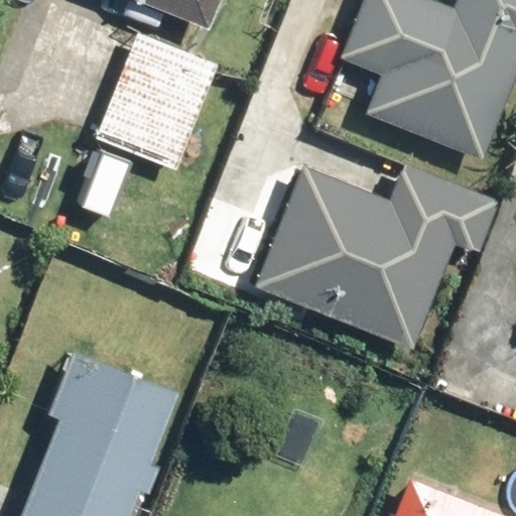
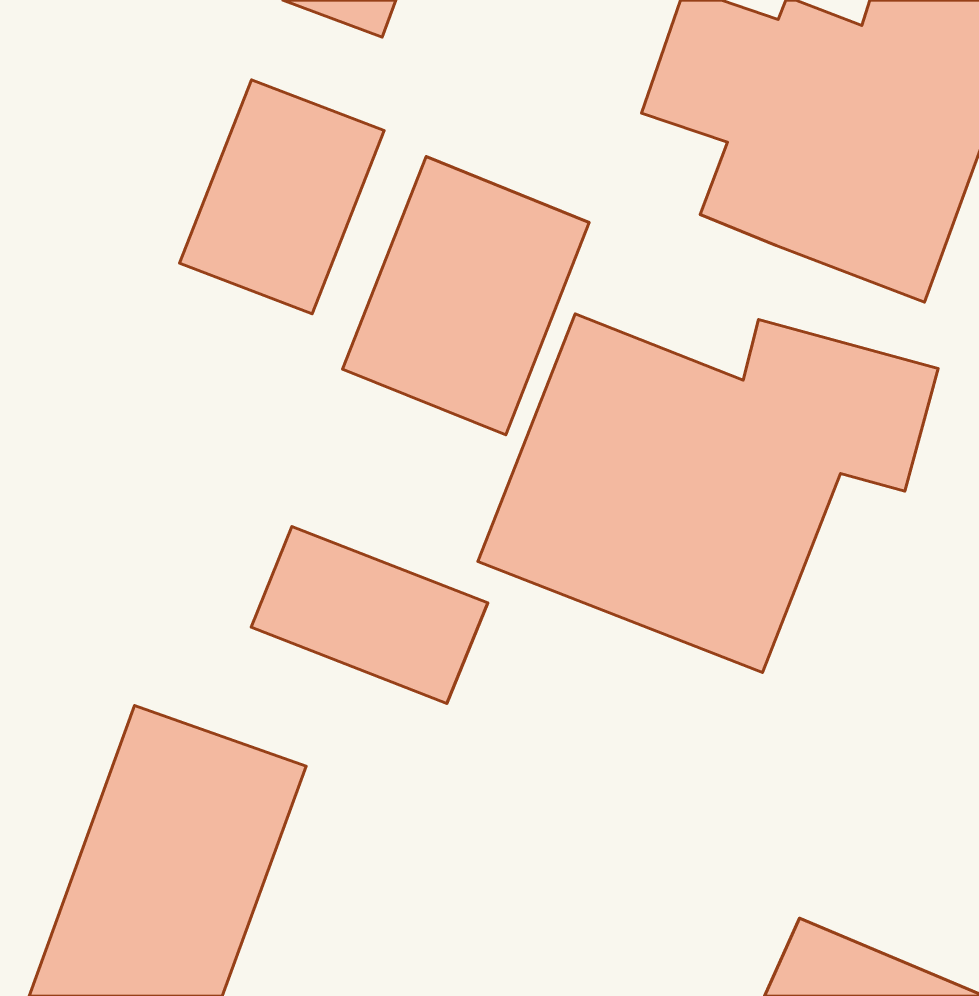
building: none -> [343,157,589,435]
building: none -> [251,526,488,703]

